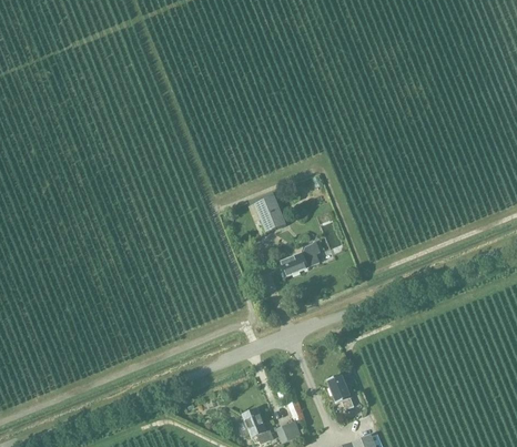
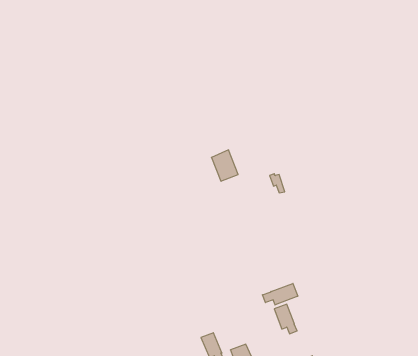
building: [280,242,321,276] -> none
building: none -> [262,283,298,305]

